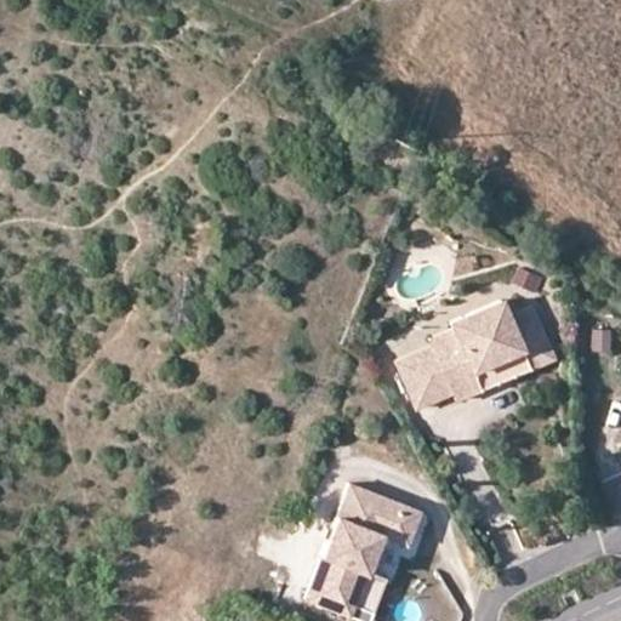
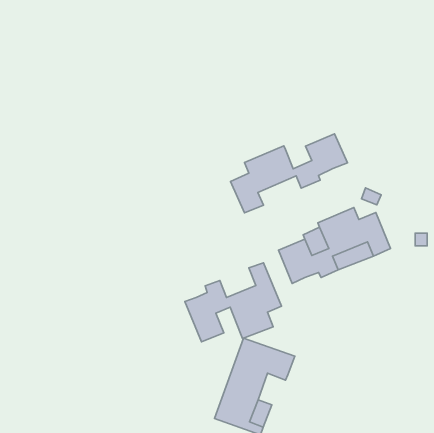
building: none -> [230,134,347,213]
building: none -> [185,263,282,342]

